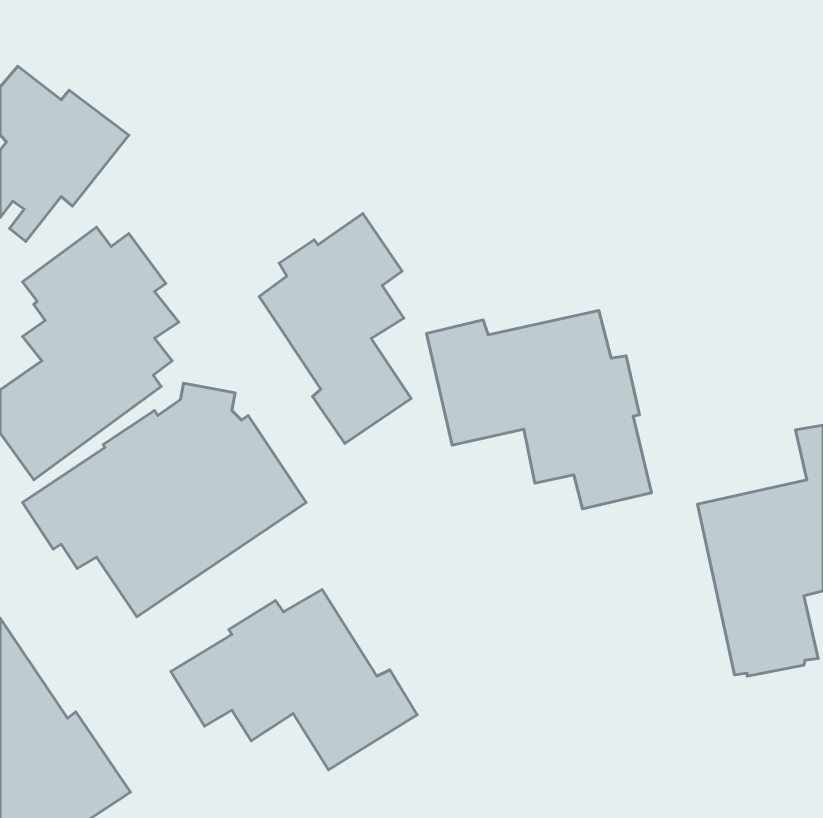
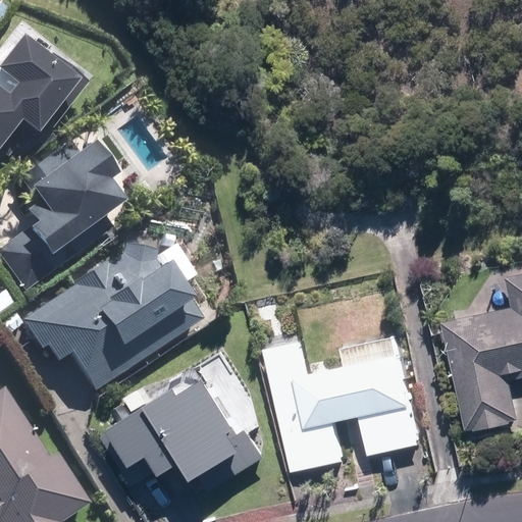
building: [259,214,411,444] -> none
building: [426,311,652,509] -> none
building: none -> [262,341,417,472]

